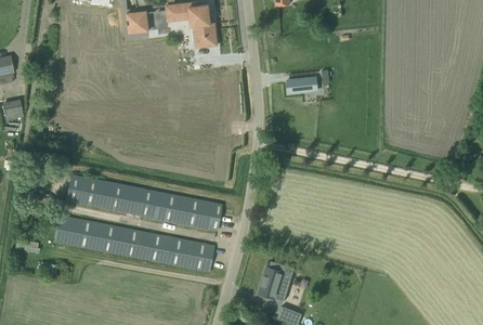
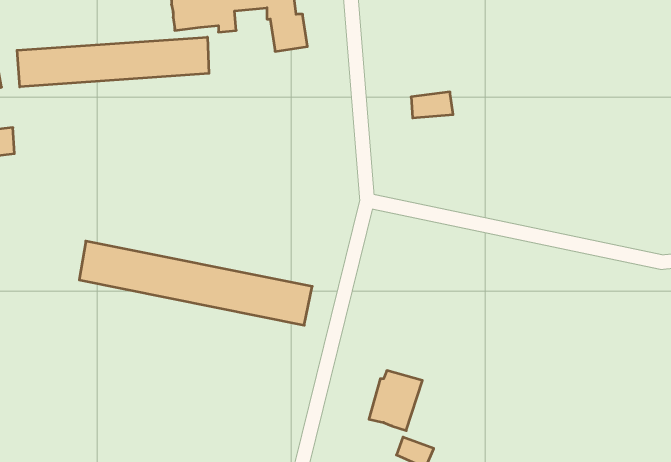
building: none -> [17,37,209,87]
building: [53,214,213,272] -> none

